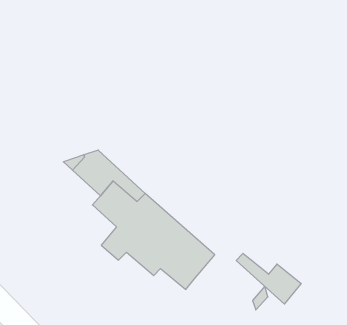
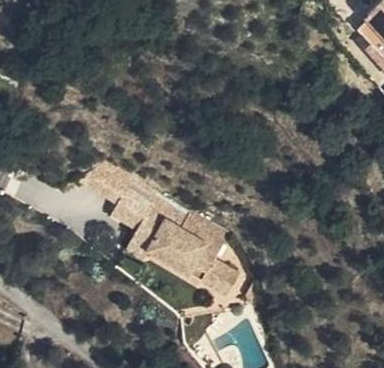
building: [236,253,301,304] -> [176,263,236,302]

